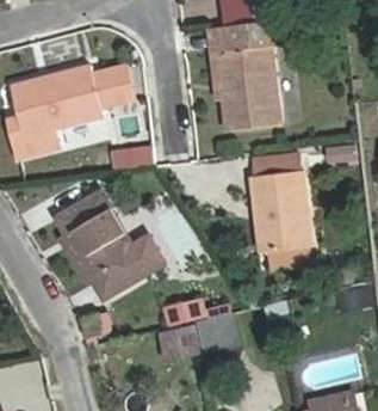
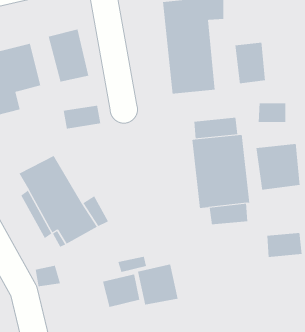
building: none -> [235,42,266,84]
building: none -> [256,143,300,191]

